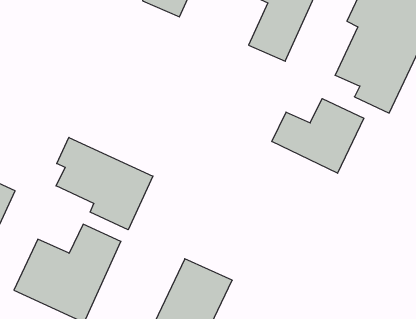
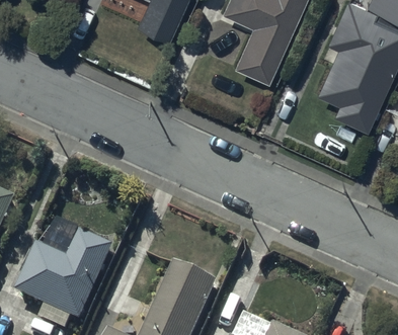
building: [272,99,364,173] -> none
building: [56,137,153,230] -> none

